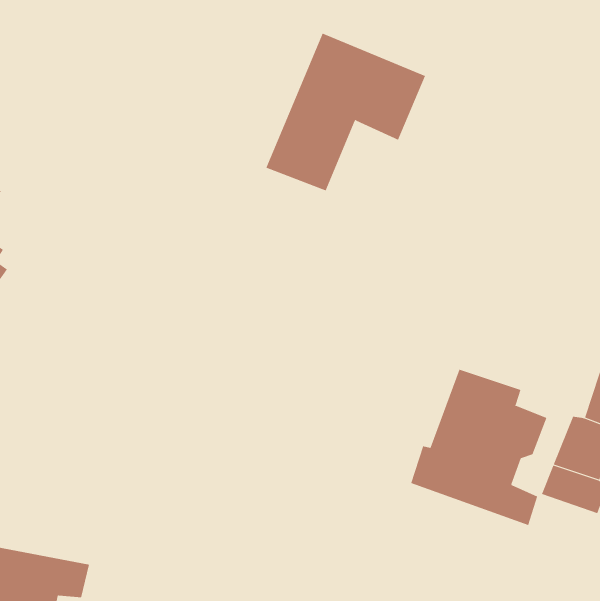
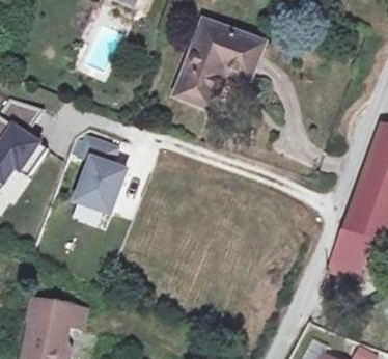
building: none -> [75,134,121,210]
building: [410,369,547,526] -> none

